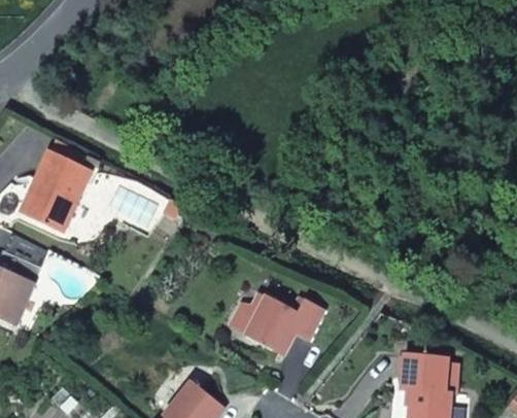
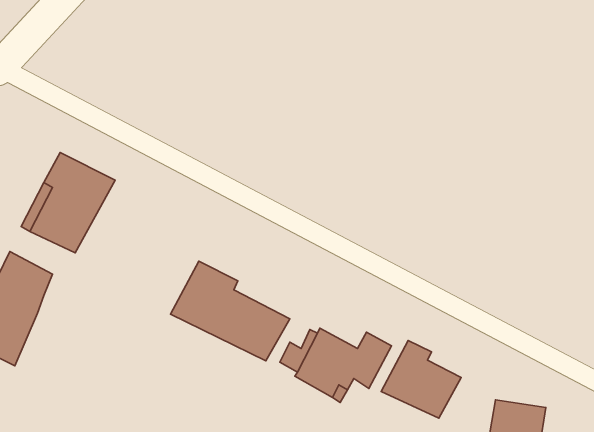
building: none -> [171,261,290,361]
building: none -> [381,340,461,418]

